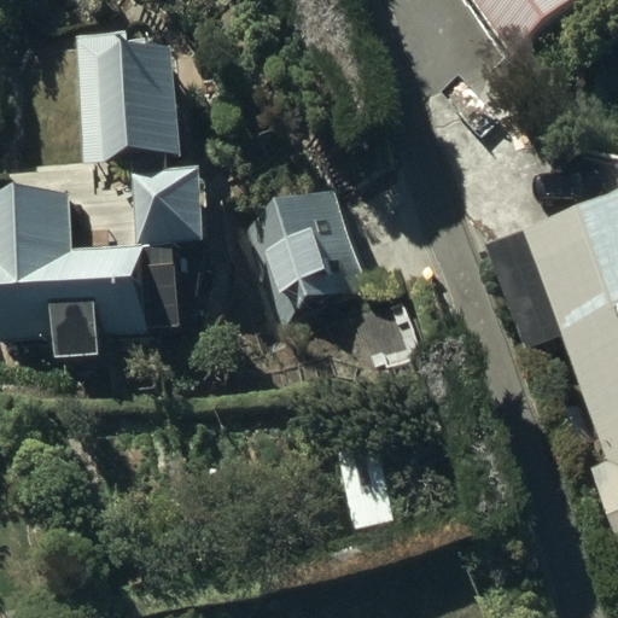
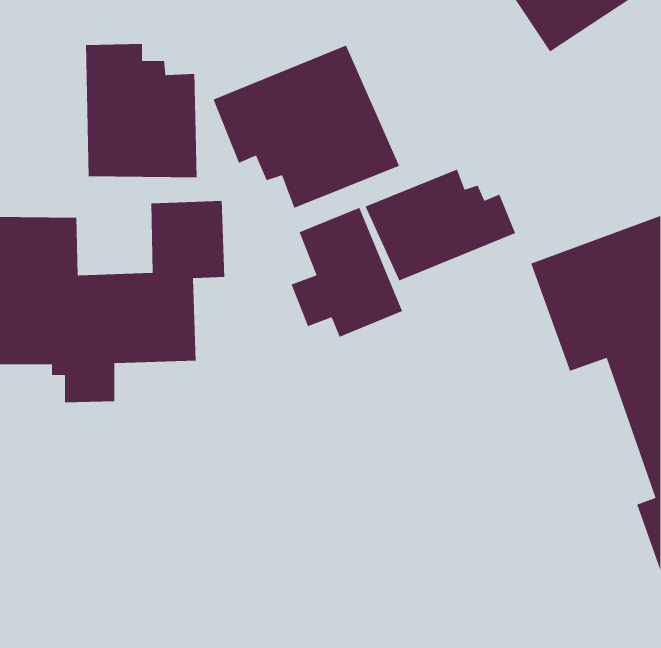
building: none -> [212,44,400,209]
building: none -> [365,169,516,281]

